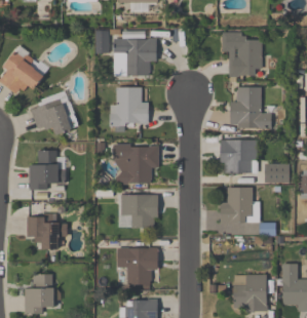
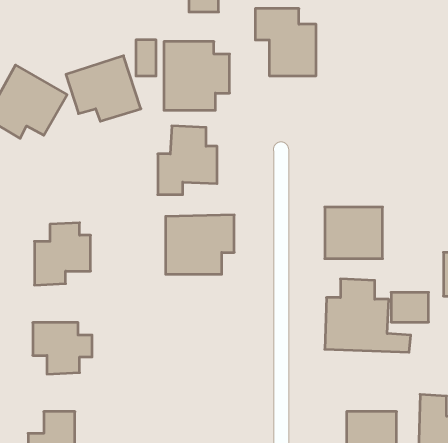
building: [221,32,261,76] -> [255,9,316,76]
building: [229,87,270,129] -> none
building: [29,92,78,135] -> [66,56,141,121]
building: [264,163,289,183] -> [391,292,429,322]
building: [118,194,157,228] -> none
building: [117,247,157,285] -> none

